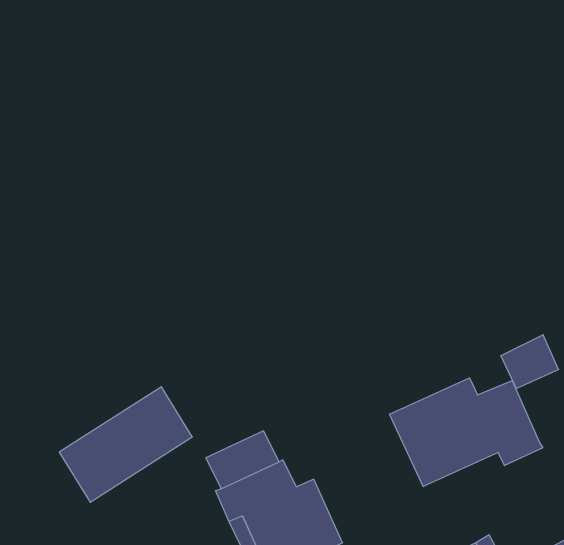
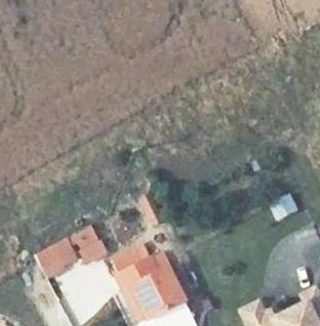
building: [390,378,543,487] -> none

